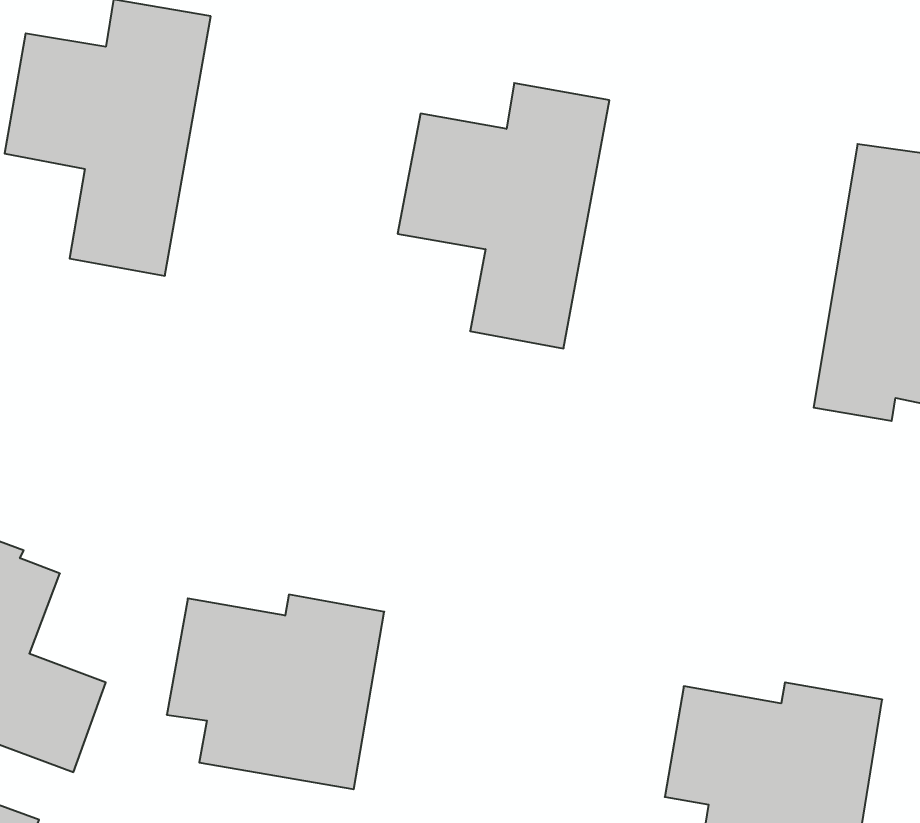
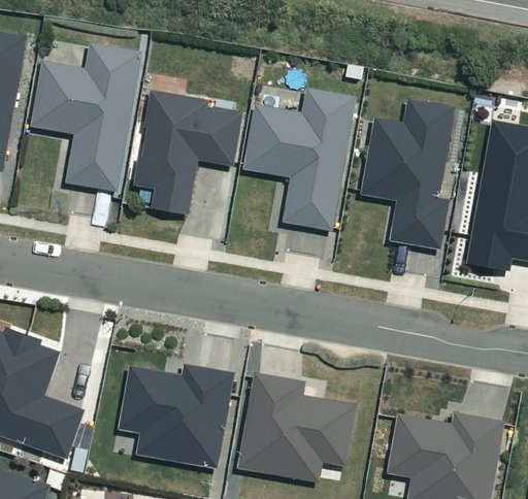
building: none -> [133,91,242,214]
building: none -> [361,99,456,250]
building: none -> [237,372,356,481]

